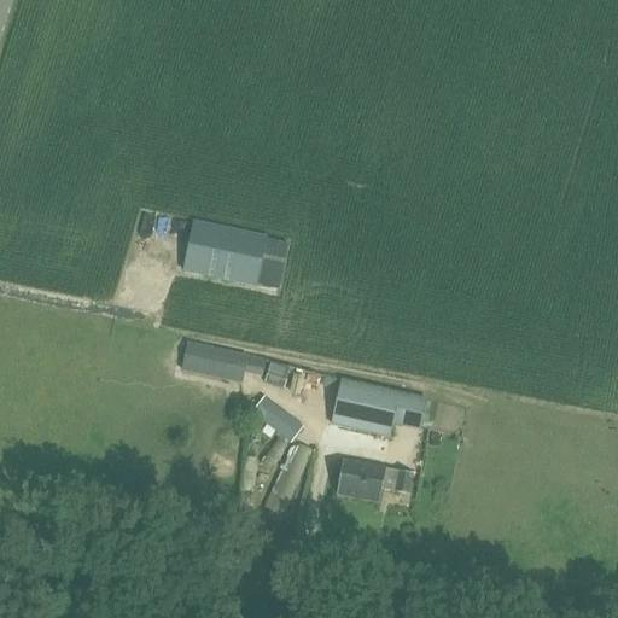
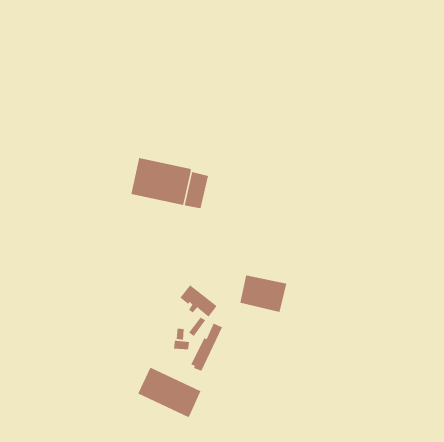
building: [181,339,266,380] -> none
building: [339,460,413,500] -> none
building: none -> [138,367,201,418]

